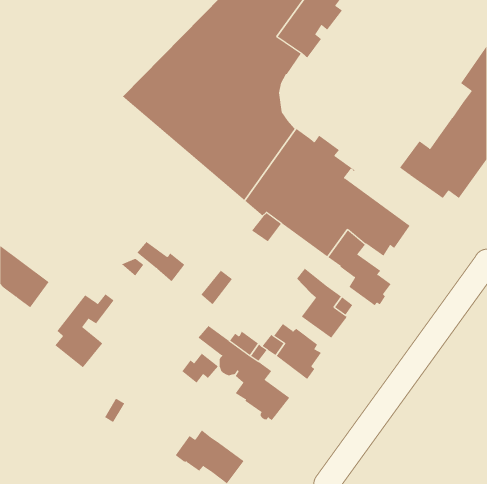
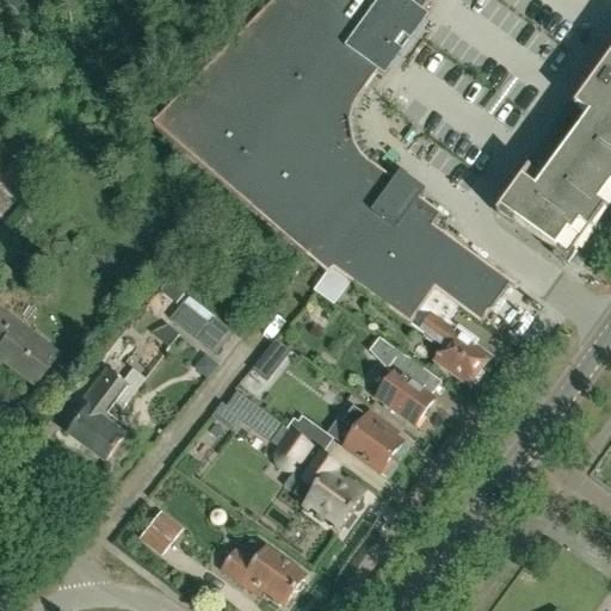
building: [181,353,219,384] -> [214,389,260,427]
building: none -> [138,508,183,554]

